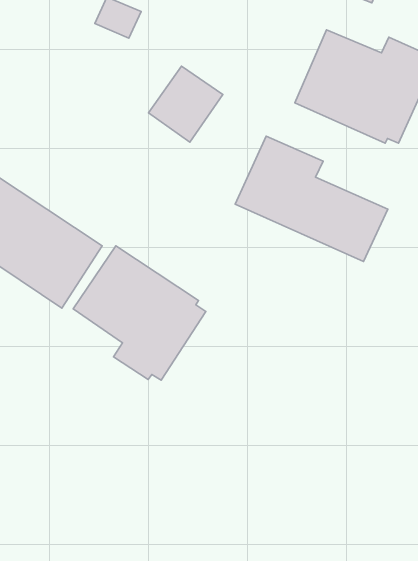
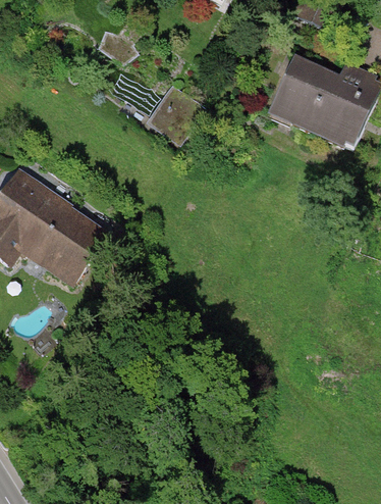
building: [235,136,388,262] -> none
building: [73,246,206,380] -> none

